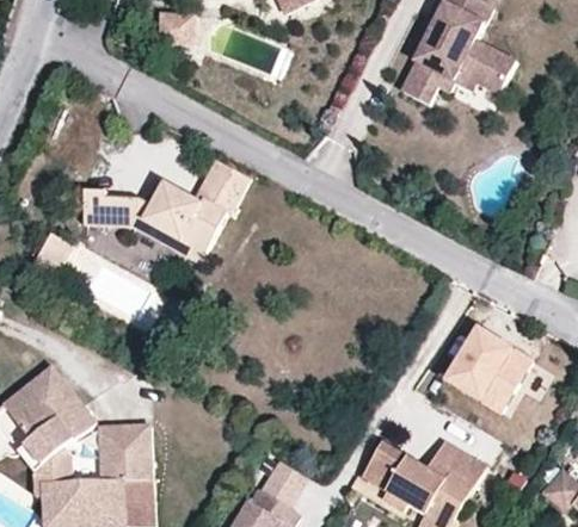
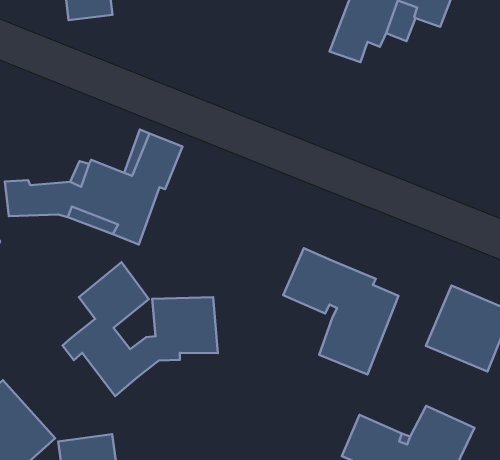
building: none -> [62,262,218,396]
building: none -> [283,248,398,374]

